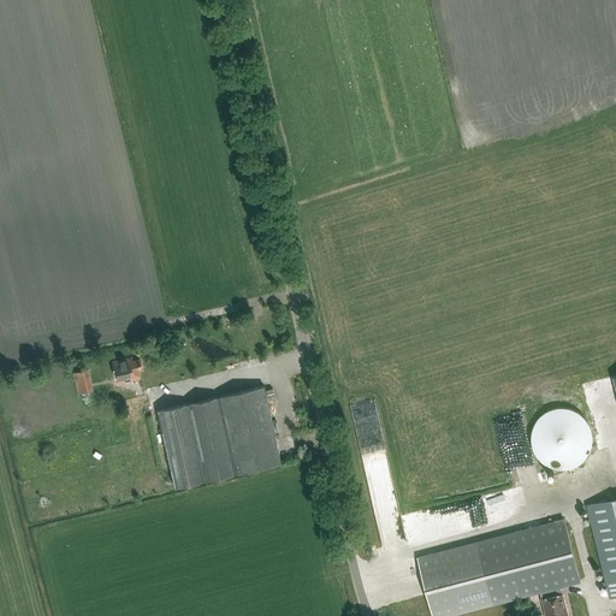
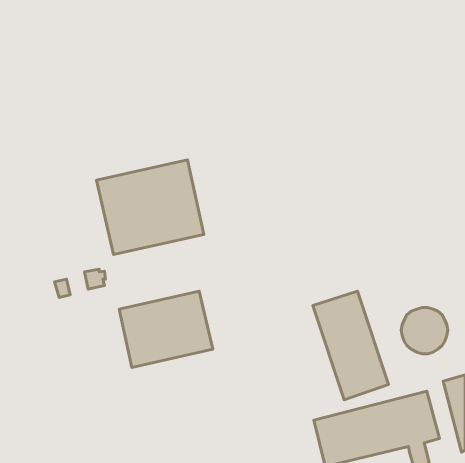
building: none -> [96,160,204,254]
building: none -> [313,291,388,400]

